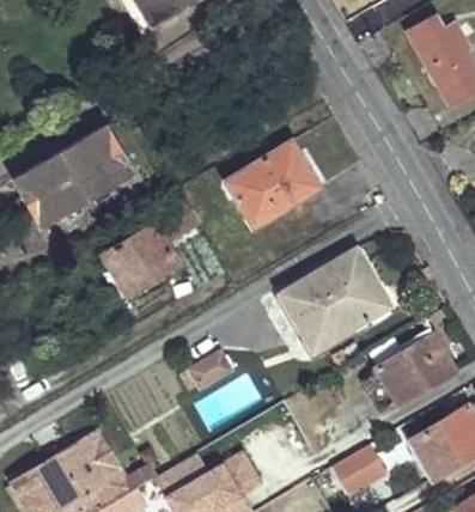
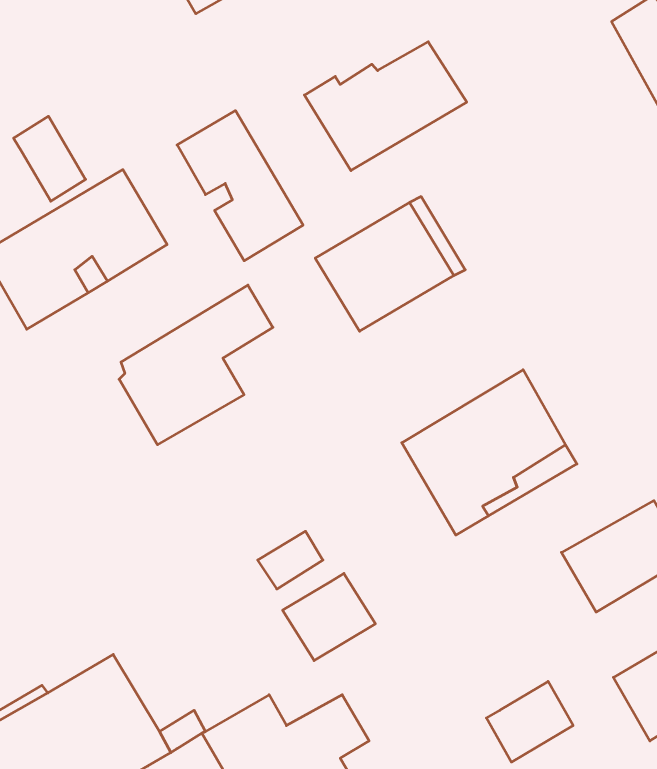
building: none -> [304,42,467,171]
building: none -> [177,111,303,261]
building: none -> [14,116,86,201]
building: none -> [283,573,375,661]

